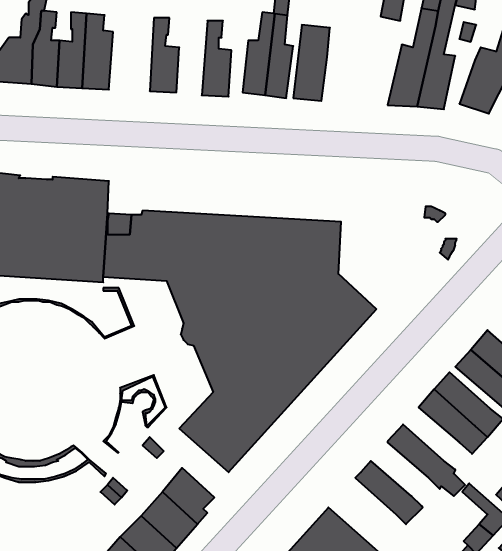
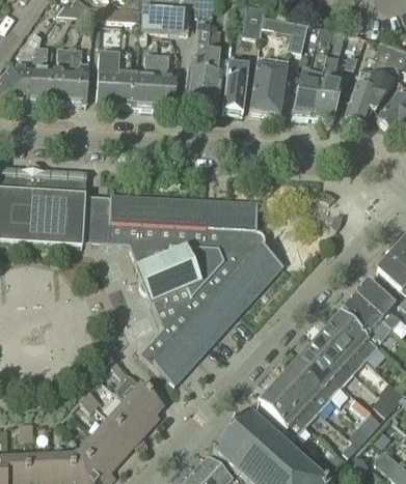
building: none -> [97,50,119,105]
building: none -> [136,52,159,108]
building: none -> [249,57,288,114]
building: none -> [303,338,354,385]
building: none -> [279,364,330,411]
building: none -> [256,390,305,436]

